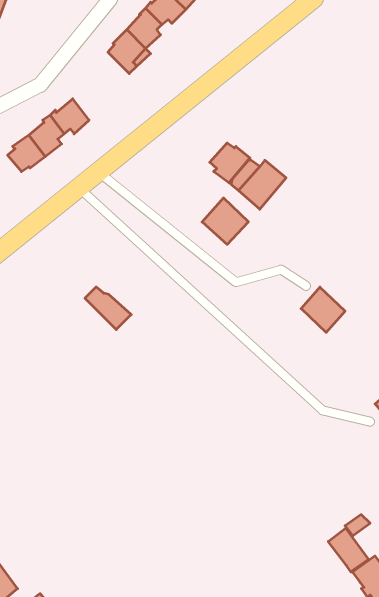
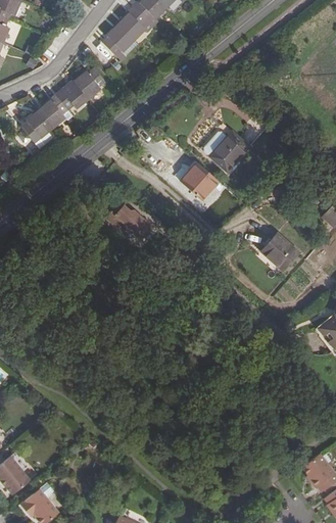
building: none -> [74,68,103,99]
building: [210,143,250,183] -> none
building: [85,287,131,330] -> [114,204,152,239]
building: [328,528,368,572] -> none

